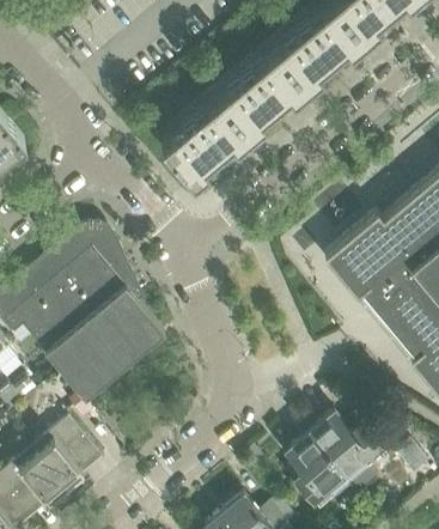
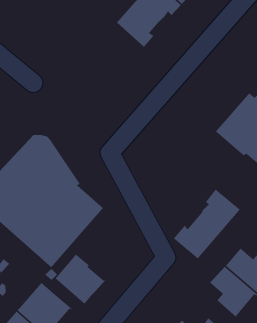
building: [161,98,251,184] -> none
building: none -> [173,189,241,259]
building: none -> [55,254,106,306]

